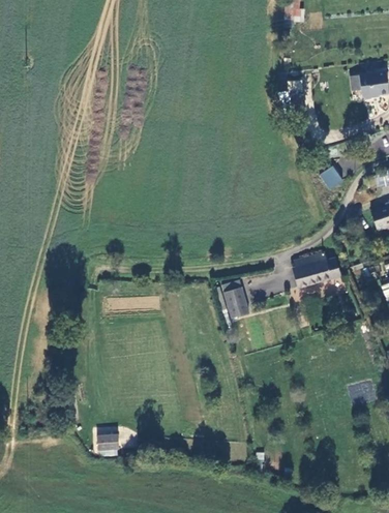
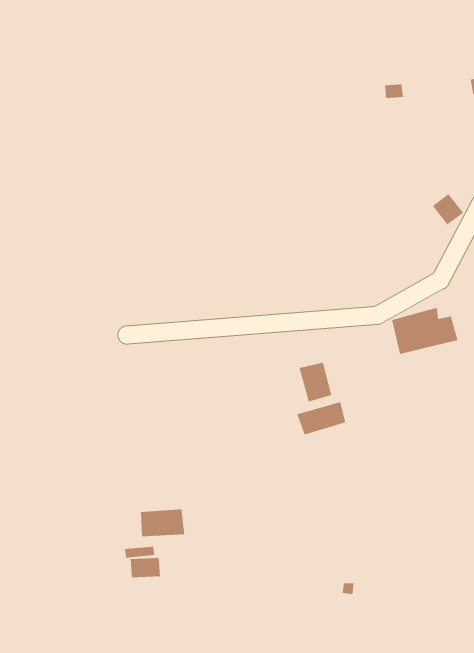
building: none -> [296,401,346,436]
building: none -> [140,509,185,537]

